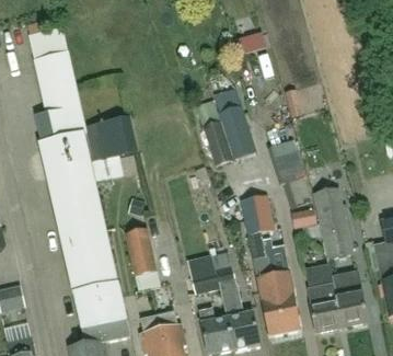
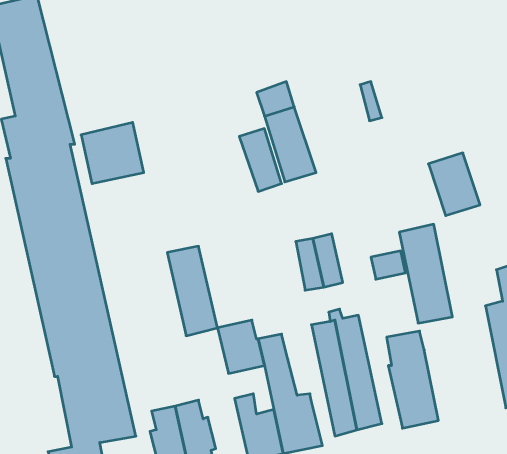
building: [269,138,305,182] -> [428,153,480,216]
building: [125,228,160,290] -> [167,246,217,336]
building: [331,269,367,324] -> none

